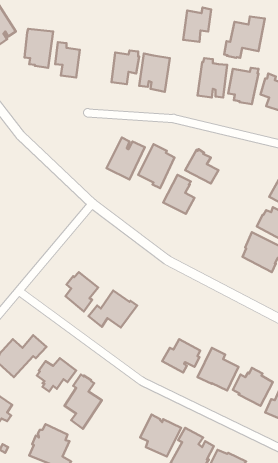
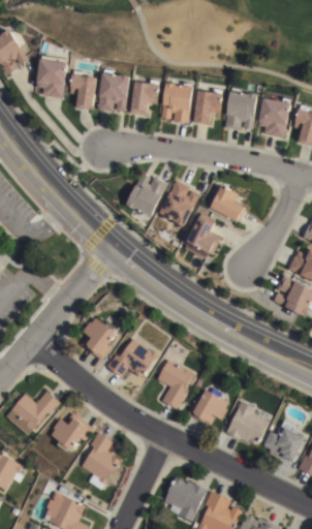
building: [183,8,211,42] -> [192,88,222,125]
building: [224,17,265,58] -> none
building: none -> [98,69,131,113]
building: none -> [156,361,193,411]

